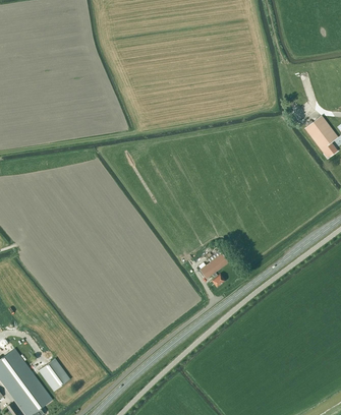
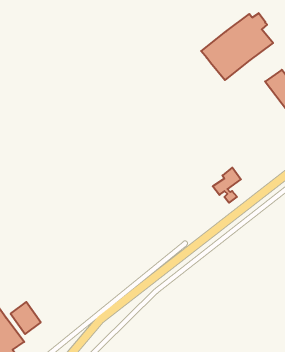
building: none -> [201,13,273,80]
building: [200,250,229,287] -> [213,168,241,203]

